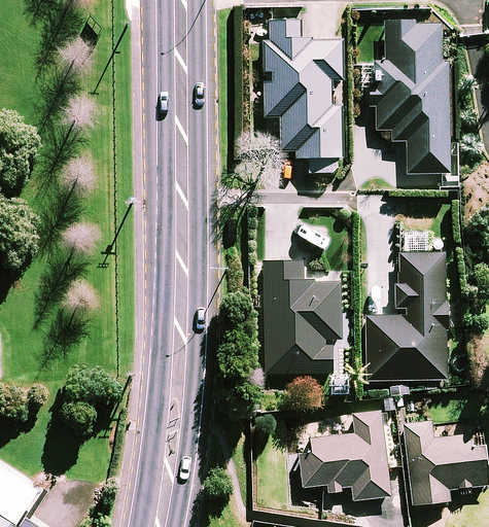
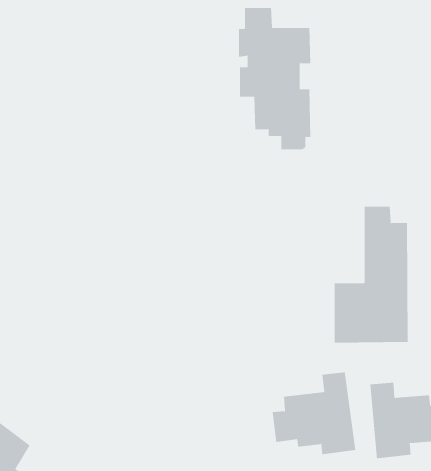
building: [370,21,450,174] -> none
building: [265,260,341,373] -> none

